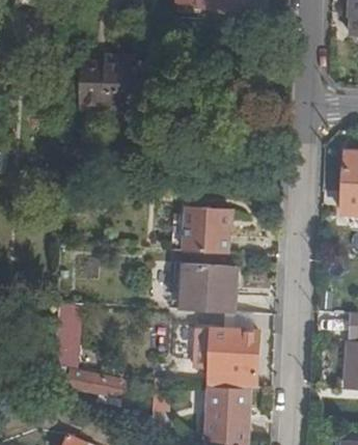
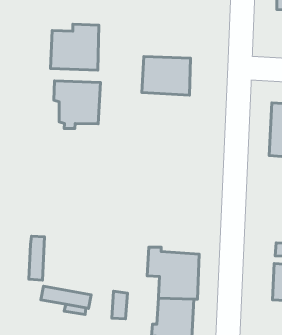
building: none -> [54,81,100,129]
building: [169,205,227,252] -> [142,56,190,95]
building: [180,262,233,312] -> none

